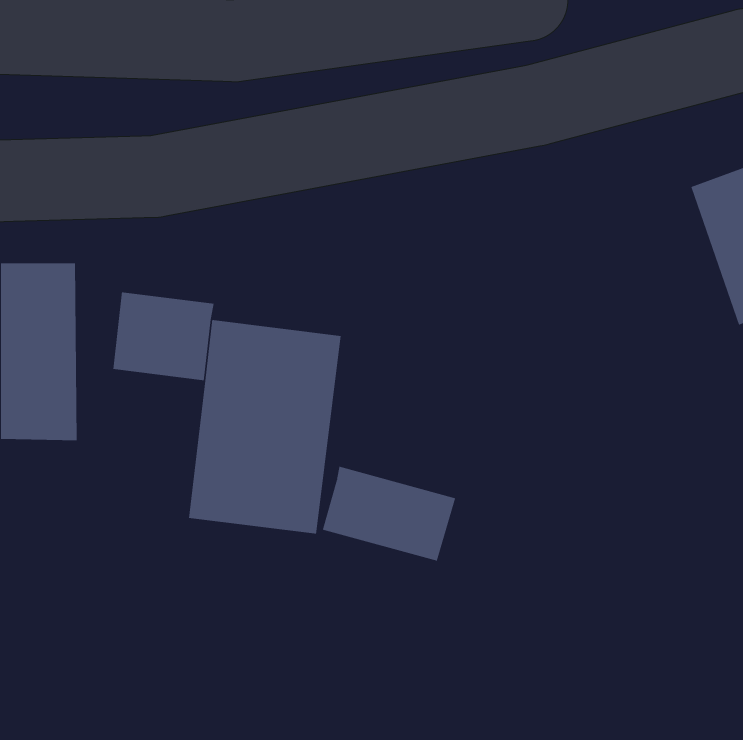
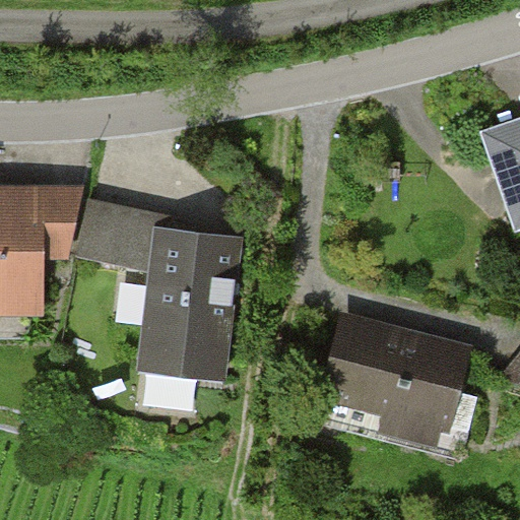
building: none -> [315,312,475,445]
building: [322,466,456,561] -> none

